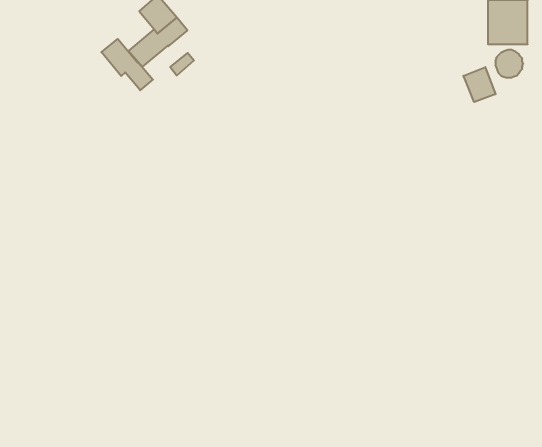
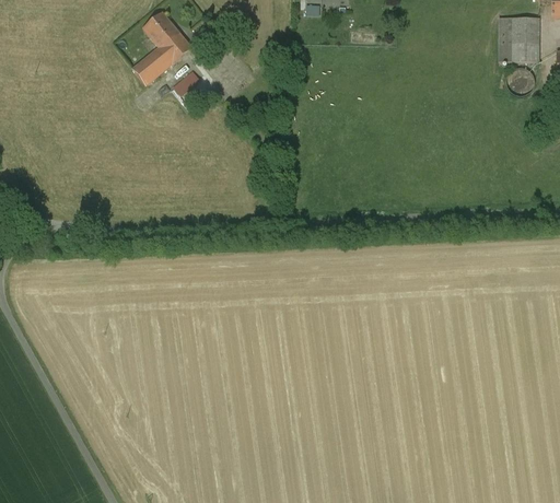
building: [101,39,153,90] -> none
building: [463,67,496,102] -> none

